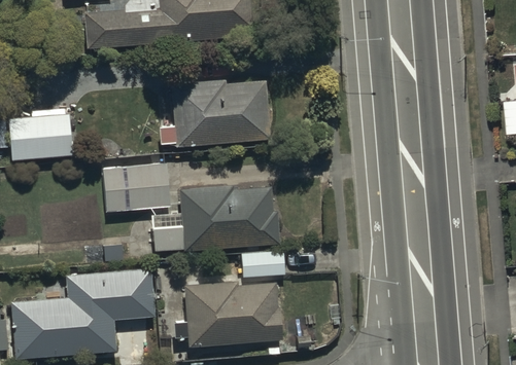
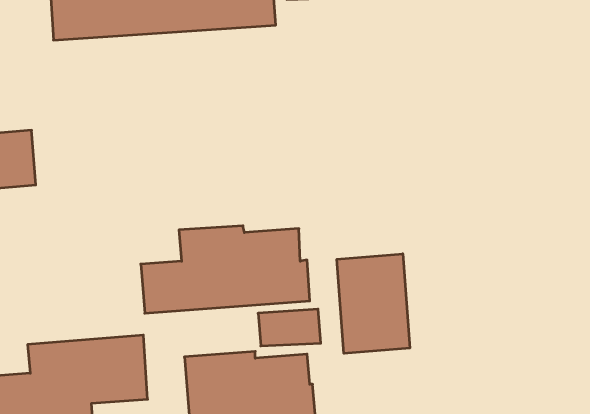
building: [160,78,270,147] -> none
building: [103,161,169,210] -> none
building: none -> [337,254,410,353]

